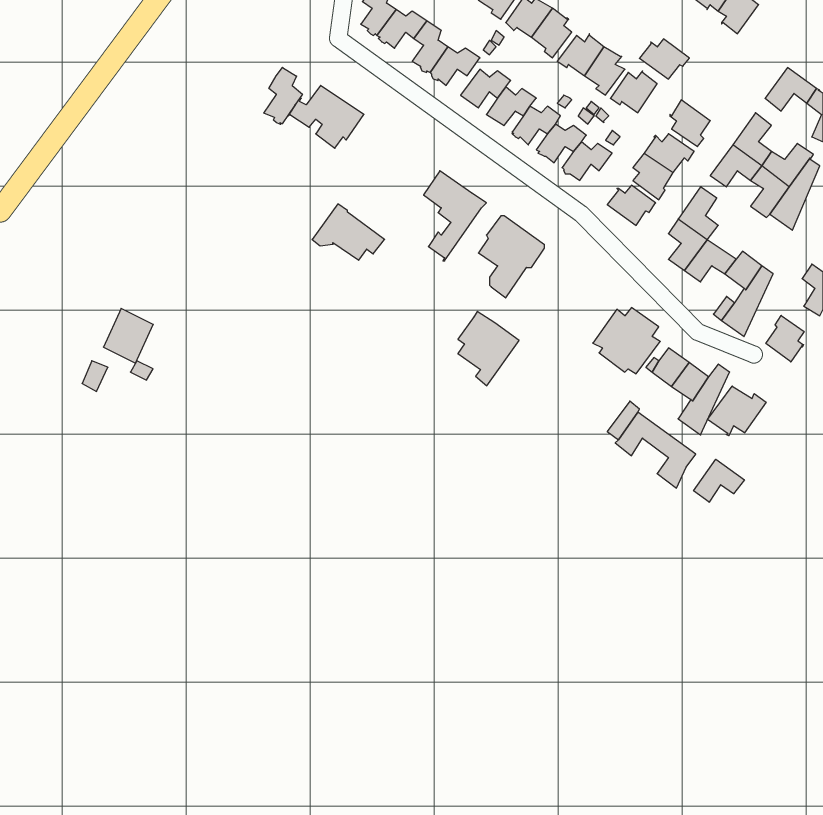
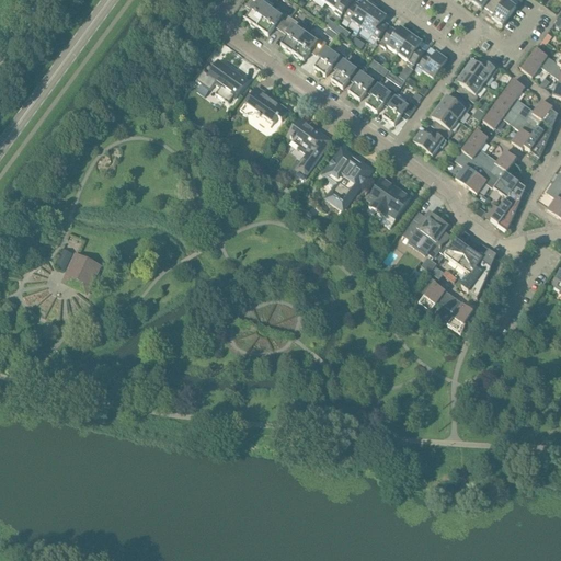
building: [639,39,689,79] -> [463,55,497,82]
building: [264,67,302,124] -> none
building: [312,204,385,260] -> [240,84,289,123]
building: none -> [481,148,516,176]
building: [103,308,153,363] -> [65,252,99,289]
building: [458,312,519,386] -> [369,175,411,226]
building: [766,315,804,362] -> none
building: [708,386,766,436] -> none
building: [694,459,744,502] -> none

